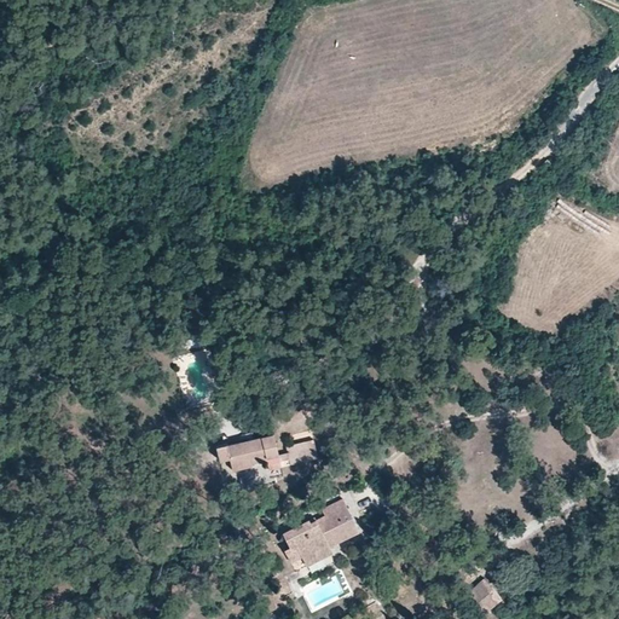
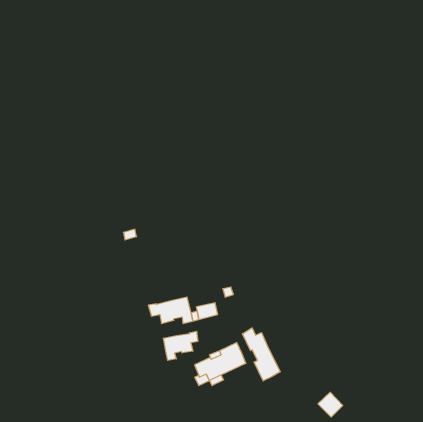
building: none -> [242,328,280,381]
building: none -> [164,331,198,360]

